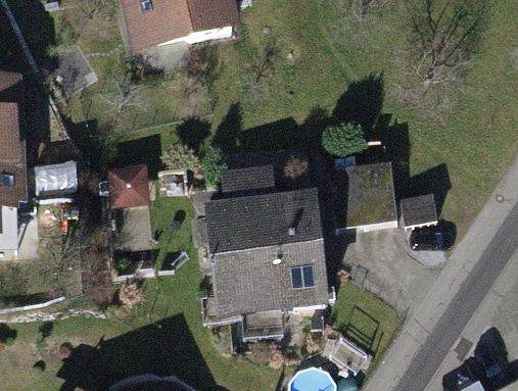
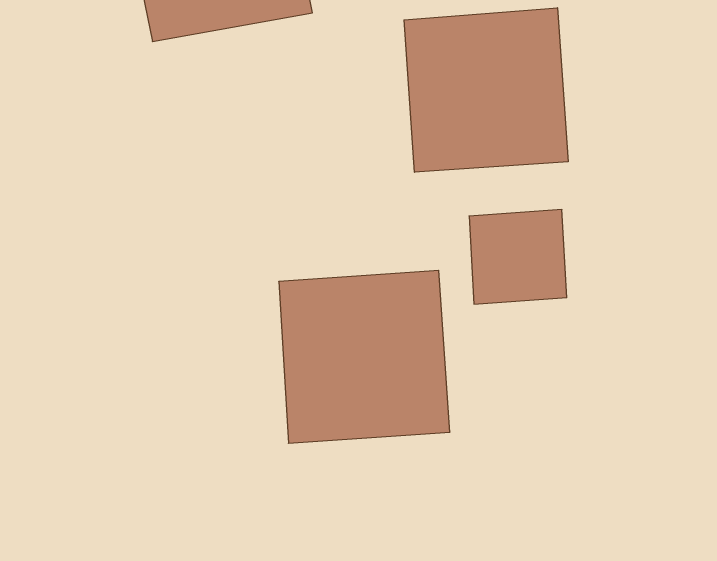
building: none -> [404,8,568,172]

